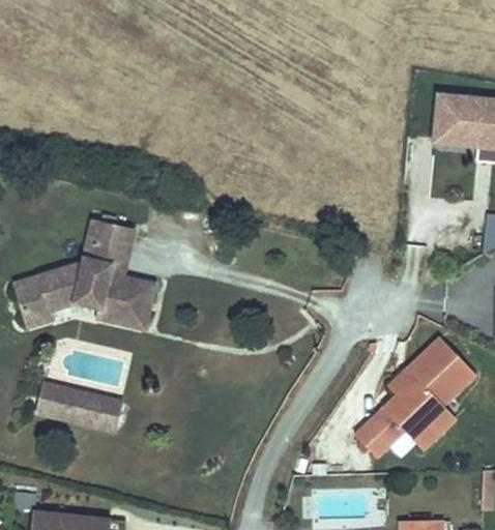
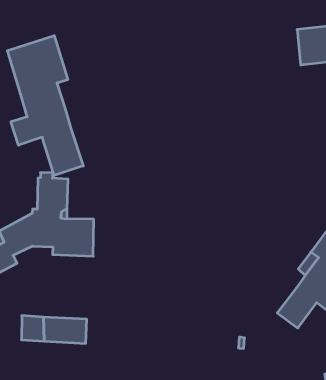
building: none -> [7,36,83,176]

